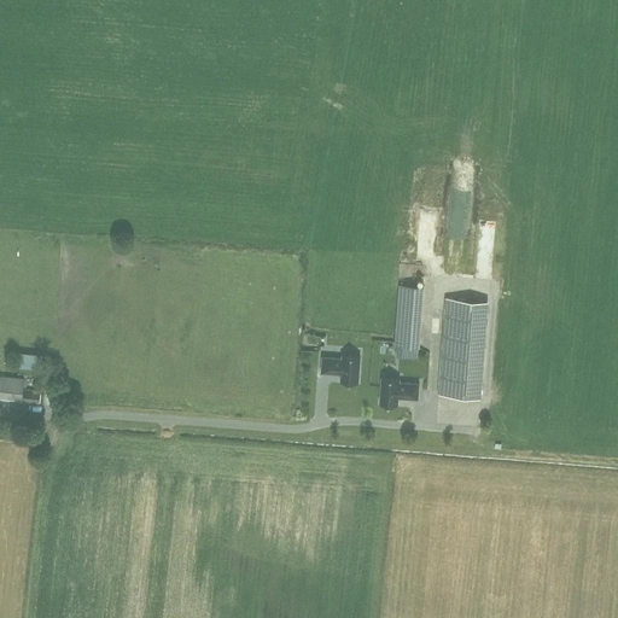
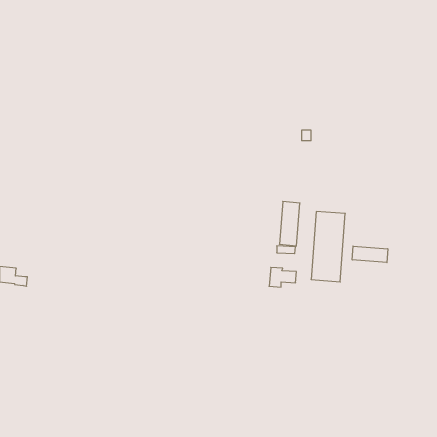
building: none -> [352,246,388,263]
building: [320,355,358,384] -> none

